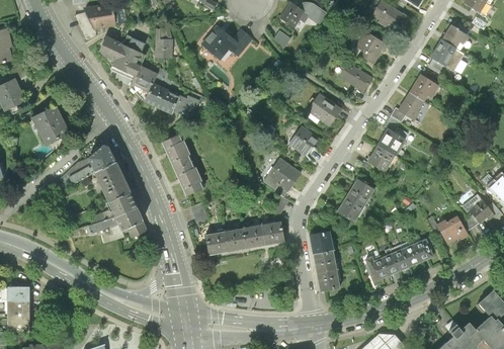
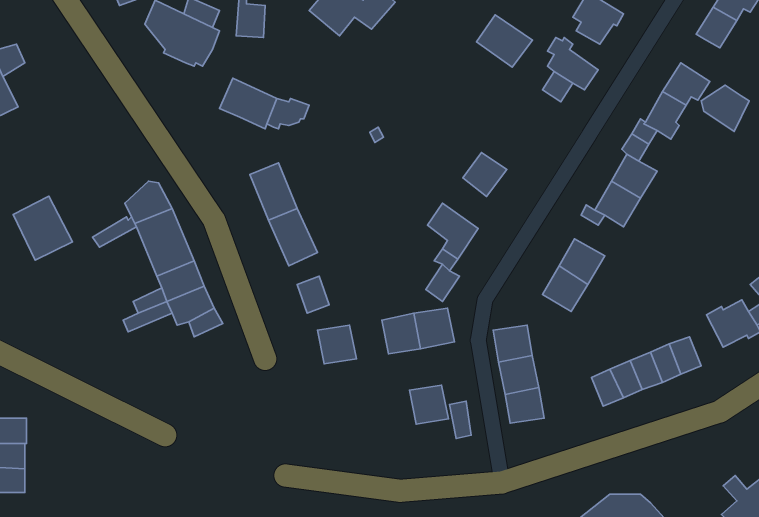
building: [130,66,157,101] -> none
building: none -> [701,85,749,131]
building: [308,93,341,124] -> [477,15,532,67]
building: [33,104,69,143] -> [13,196,72,260]
building: [223,228,246,251] -> [409,385,448,424]

